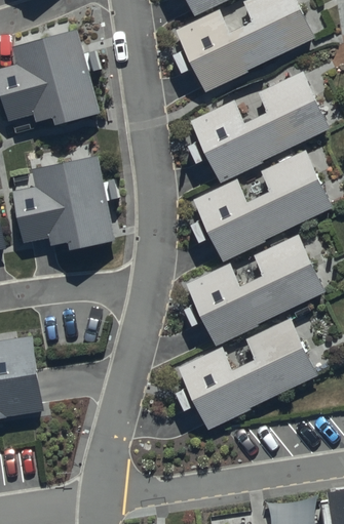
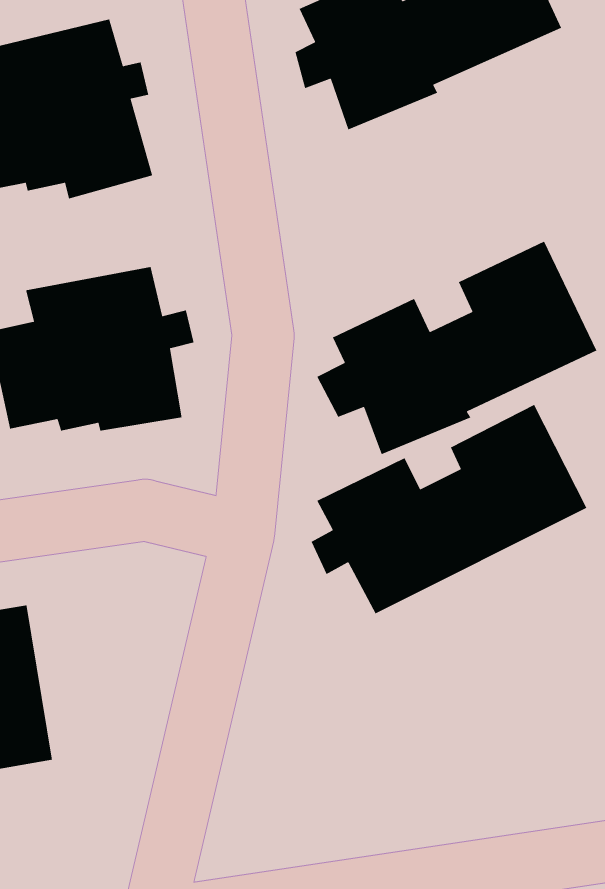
building: [188,69,331,177] -> none
building: [175,315,319,430] -> none

